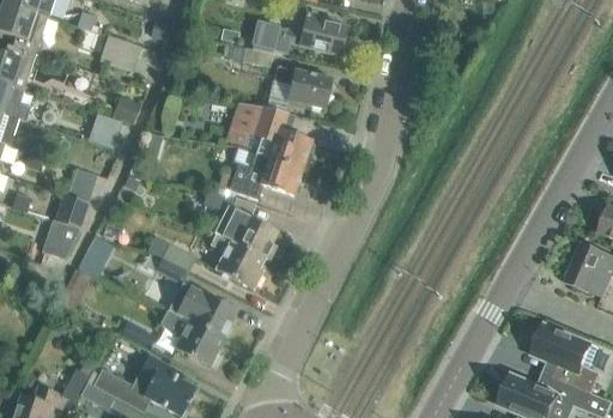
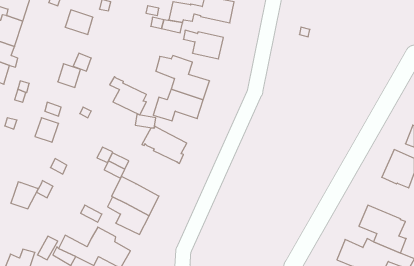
building: [41,220,81,260] -> [11,182,38,209]
building: [210,232,263,289] -> [110,77,146,115]

